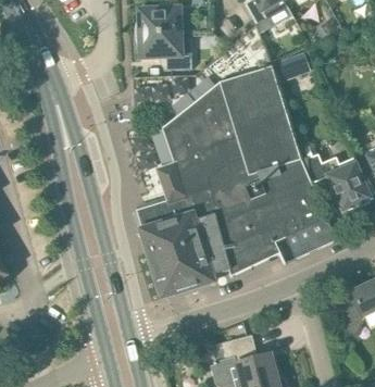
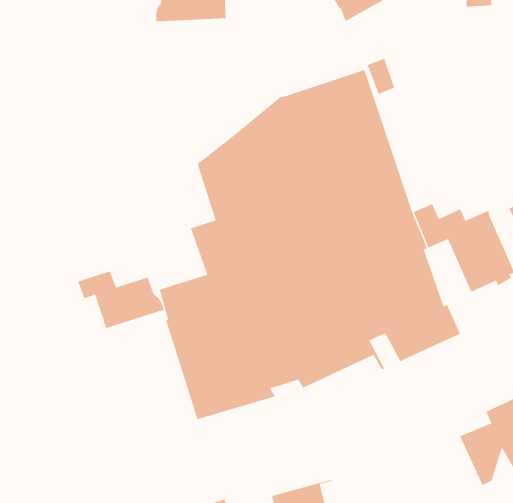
building: [136,30,192,68] -> none
building: none -> [77,270,165,329]

